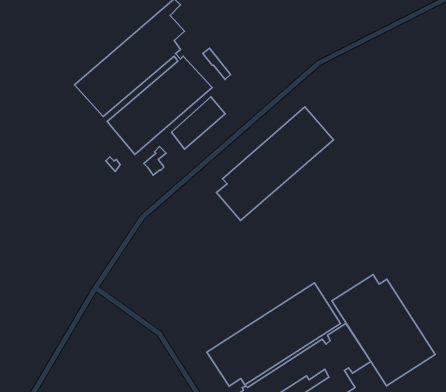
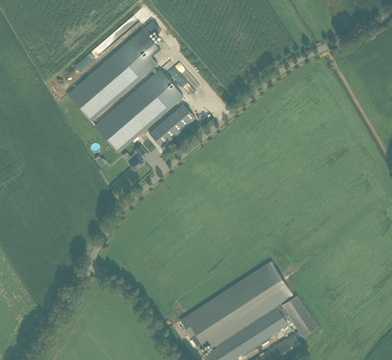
building: [217,107,334,220] -> none
building: [332,275,435,386] -> none

